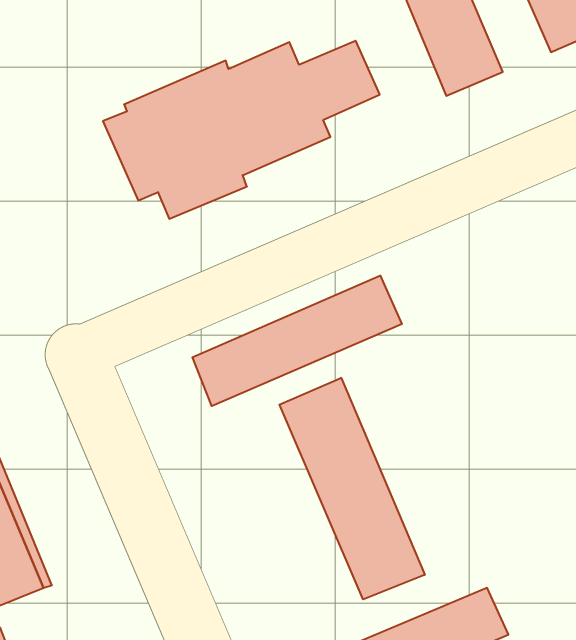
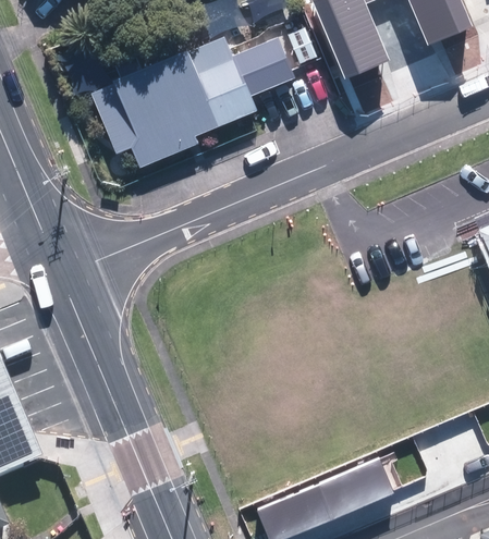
building: [192,276,402,406] -> none
building: [279,378,425,599] -> none

